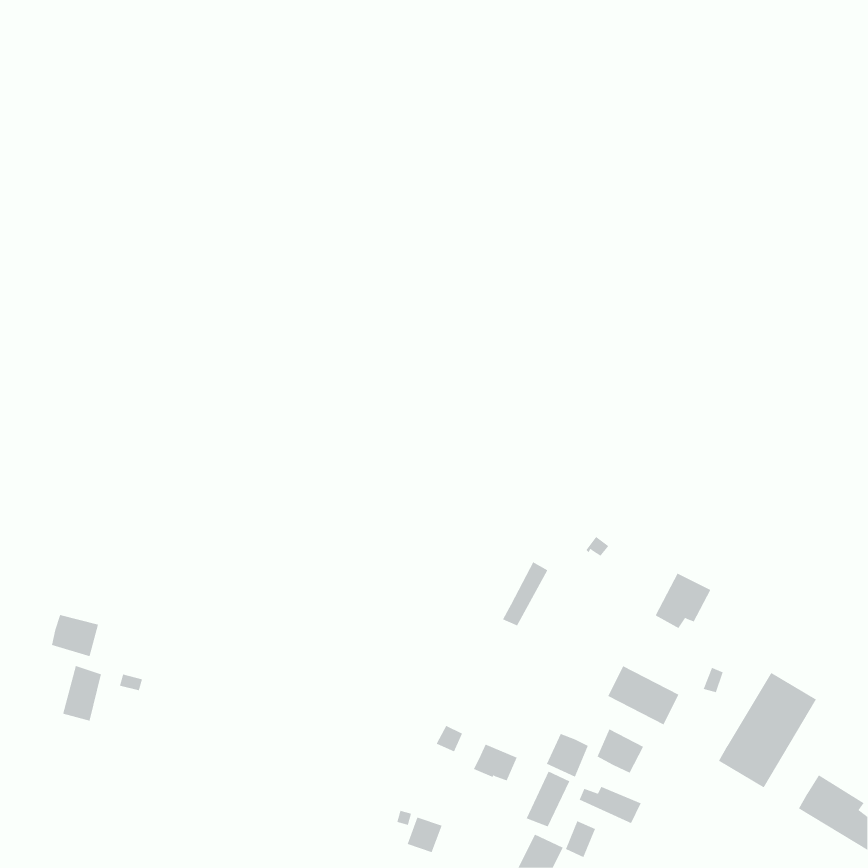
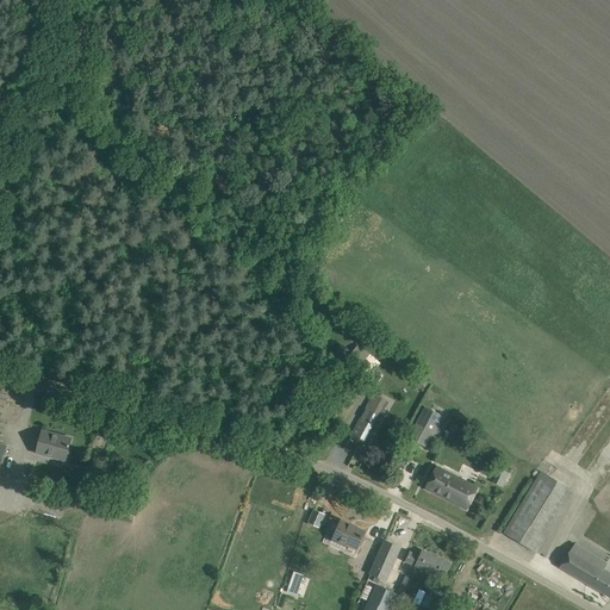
building: [655,573,711,629] -> [407,406,447,446]
building: [63,665,102,721] -> none
building: [597,729,644,773] -> none
building: [546,733,588,778] -> none

